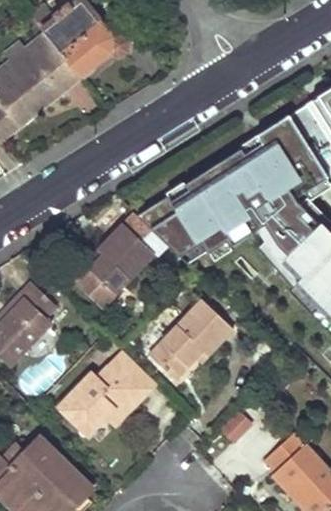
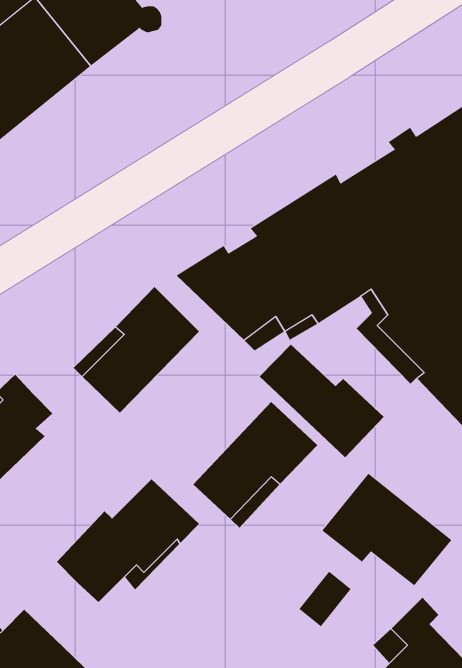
building: none -> [259,344,385,458]
building: none -> [321,473,452,586]

